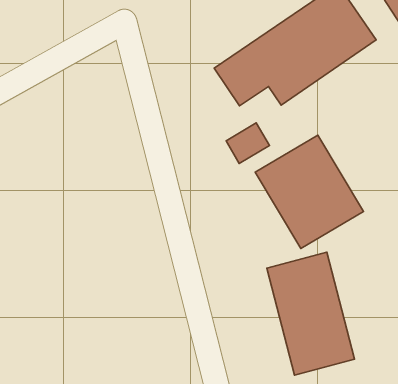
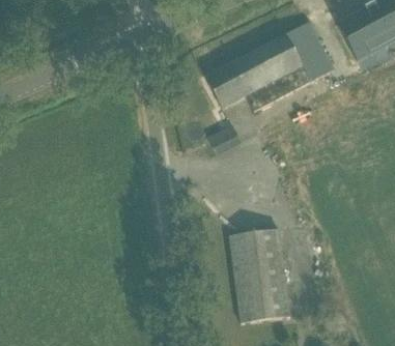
building: [255,135,363,249] -> none

